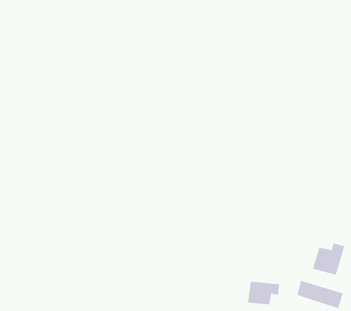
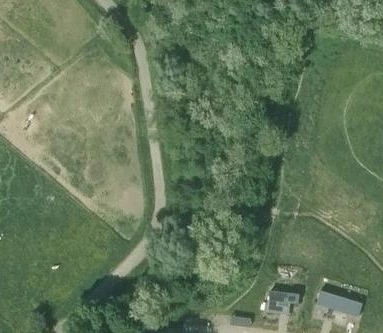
building: [312,242,345,275] -> none

